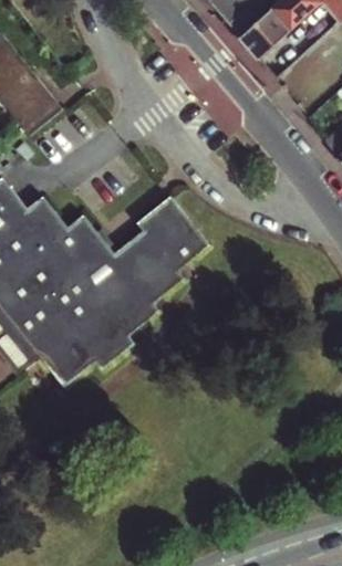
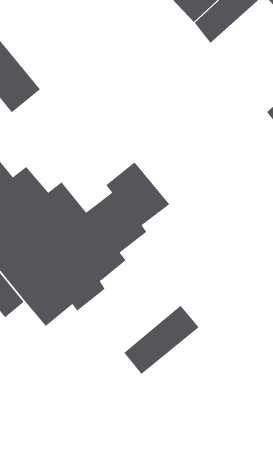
building: none -> [123,305,200,375]

